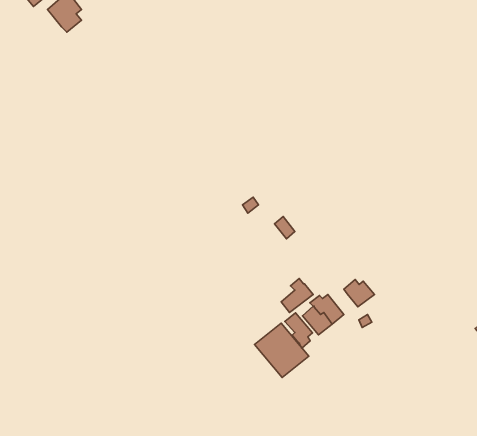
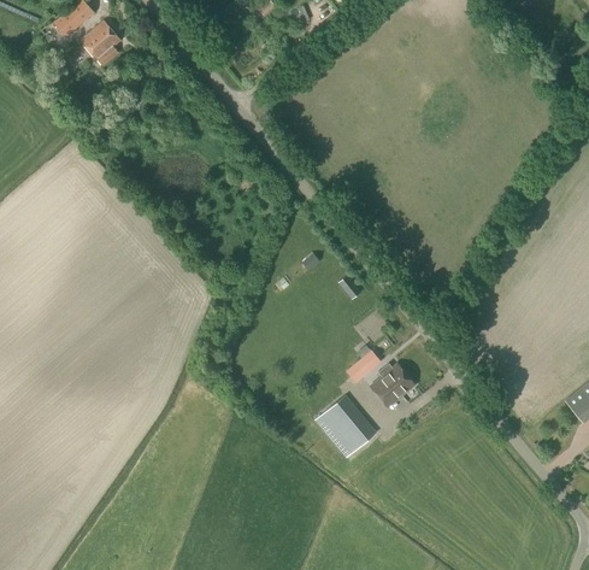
building: [344,280,375,307] -> none
building: [285,313,313,348] -> none

